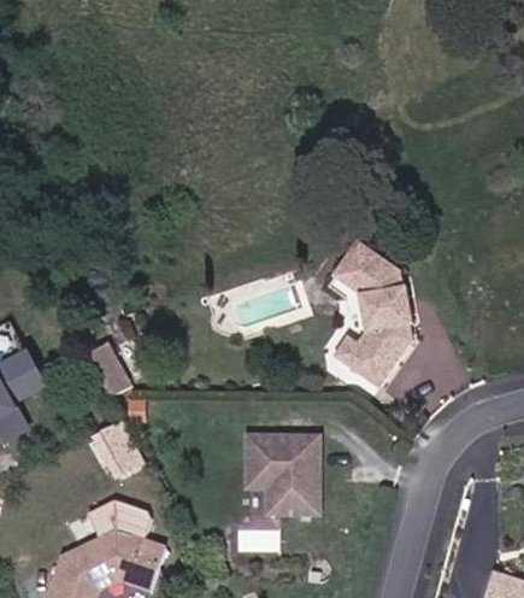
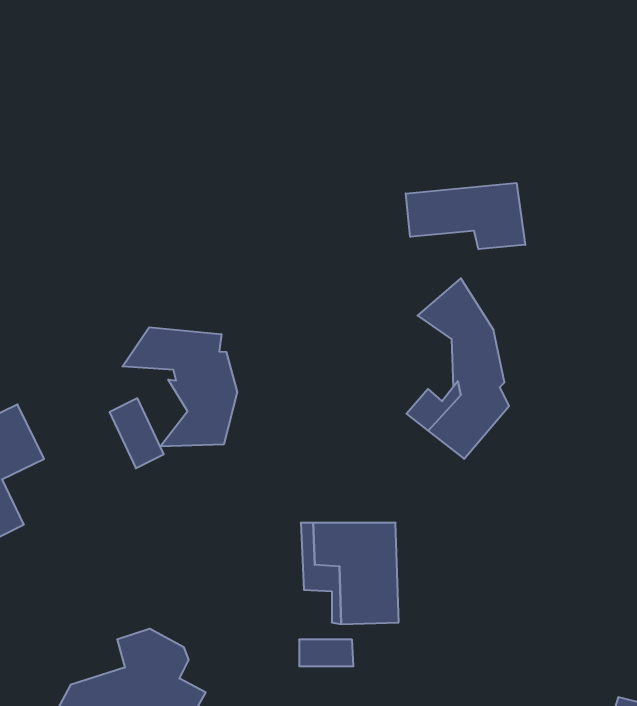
building: none -> [406,183,525,249]
building: none -> [122,327,237,447]
building: [94,417,143,476] -> none

